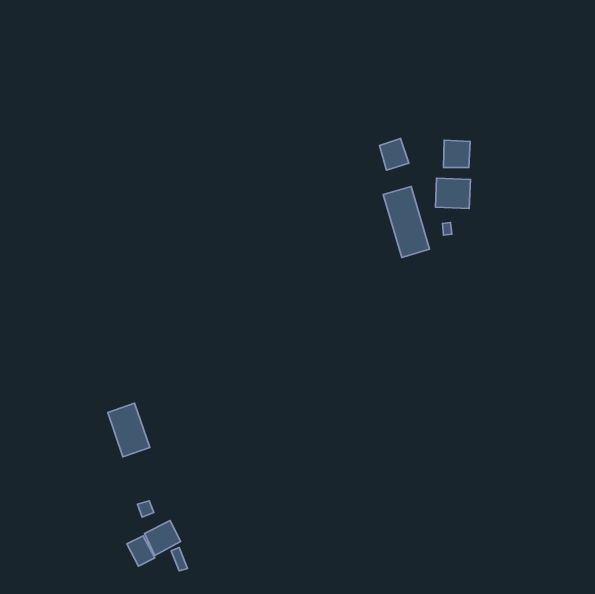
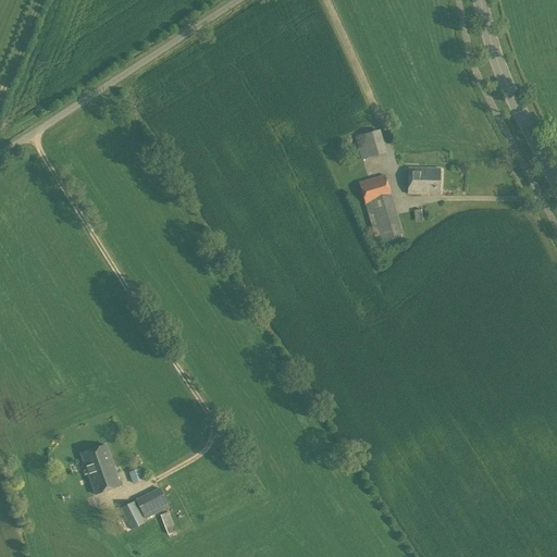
building: [443,140,470,168] -> none
building: [108,403,150,457] -> [81,444,120,494]

